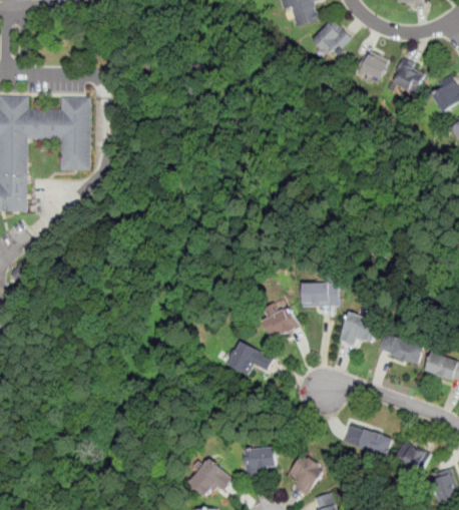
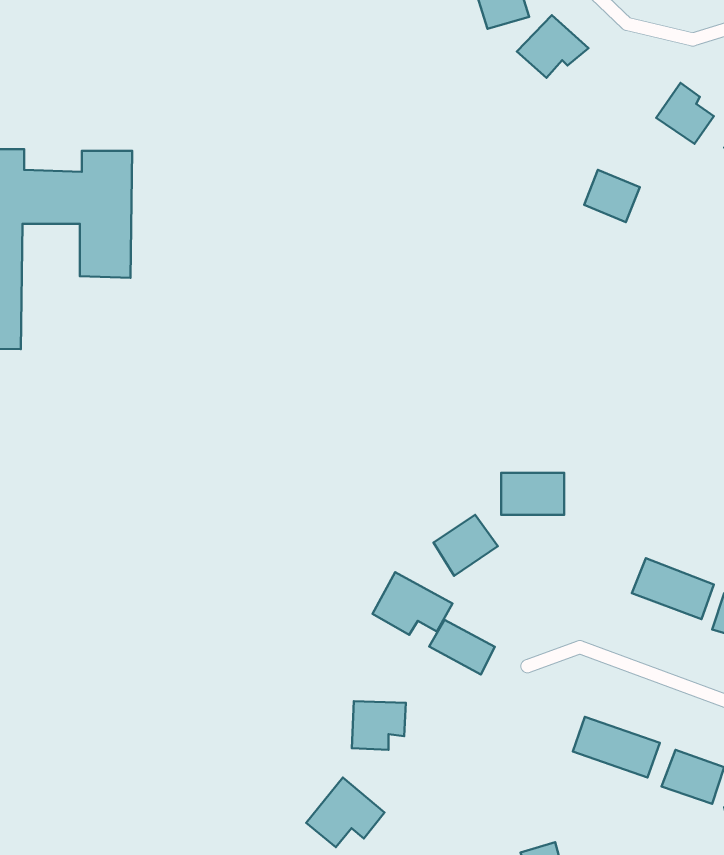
building: [356,49,388,79] -> [584,170,640,222]
building: [338,311,379,347] -> none
building: none -> [429,620,495,674]
building: [245,447,276,475] -> [352,701,406,750]
building: [289,454,326,496] -> none

